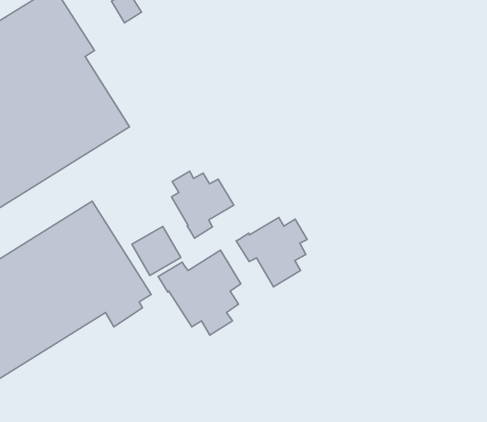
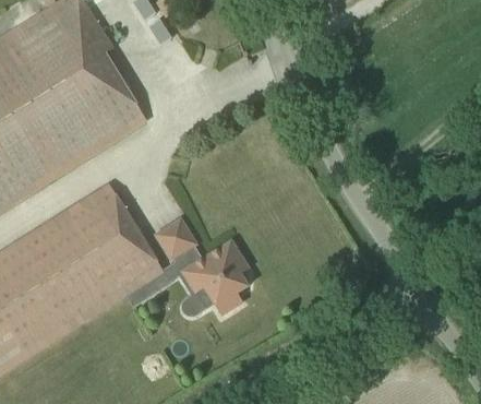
building: [172,171,234,238] -> none
building: [236,218,307,287] -> none

